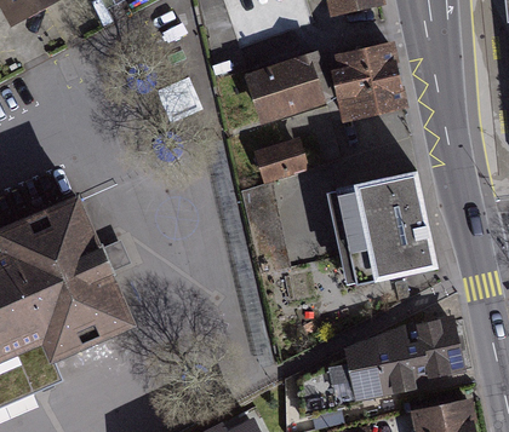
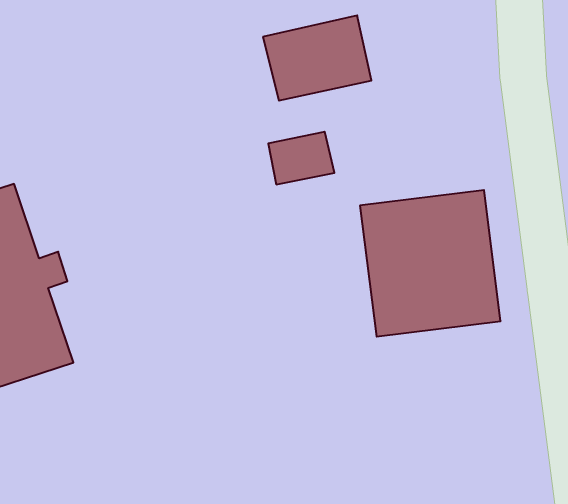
building: [336,48,399,113] -> none
building: [349,318,464,396] -> none

